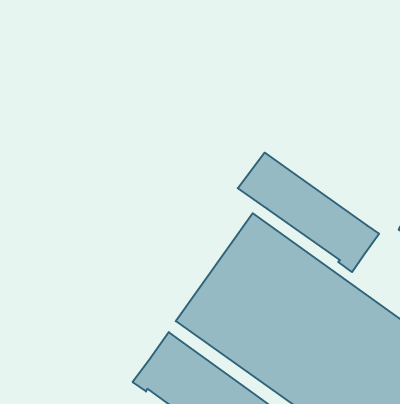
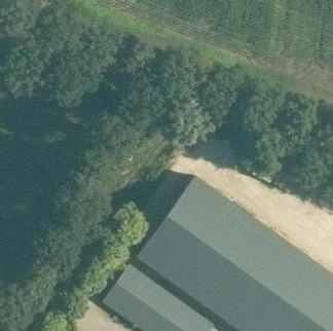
building: [238,153,379,272] -> none

